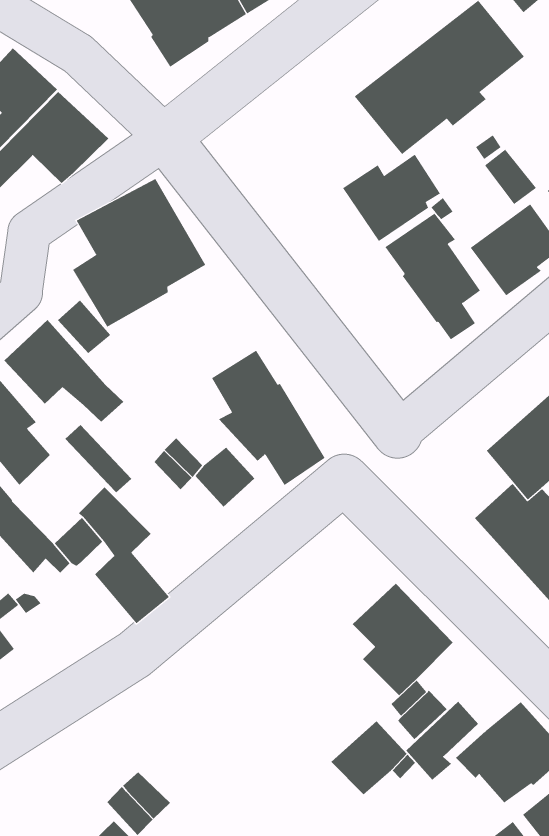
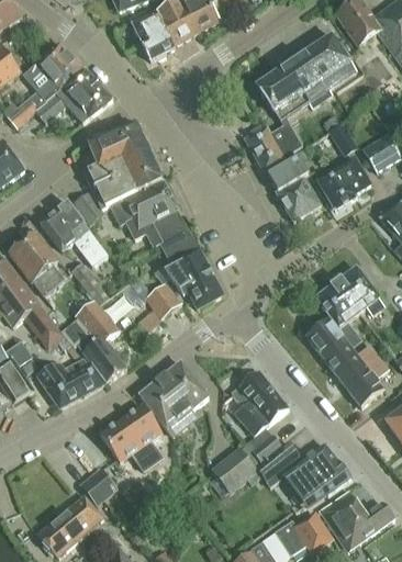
building: none -> [122,176,187,246]
building: none -> [139,361,208,435]
building: none -> [36,357,104,406]
building: none -> [99,404,165,472]

